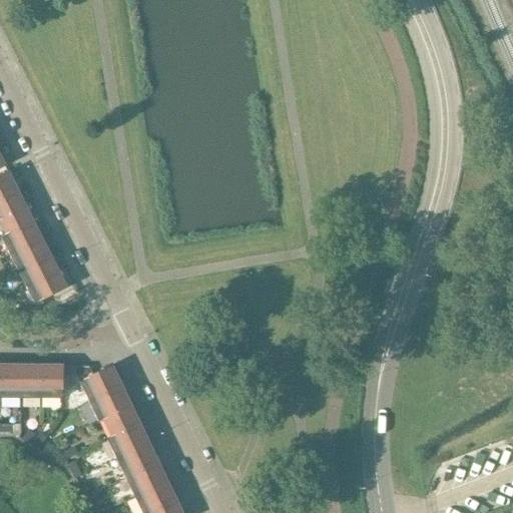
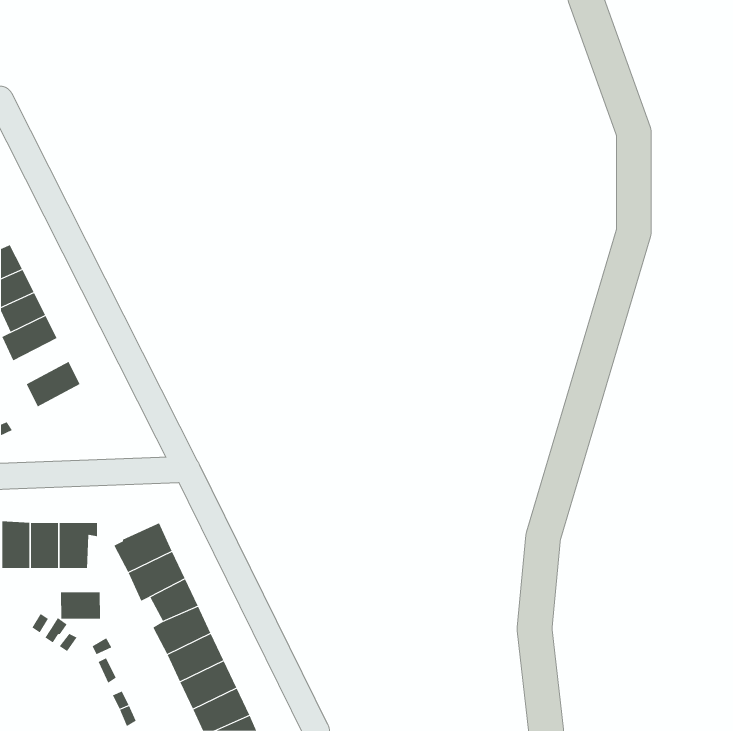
building: [10,235,49,268] -> none
building: [27,268,66,300] -> none
building: none -> [60,591,100,620]

